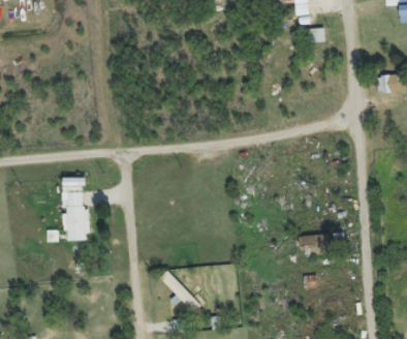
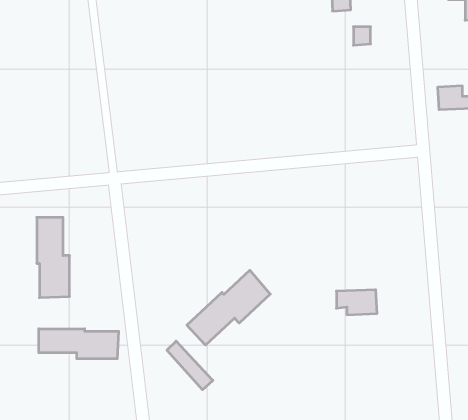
building: none -> [187,270,270,345]
building: none -> [39,329,119,359]

